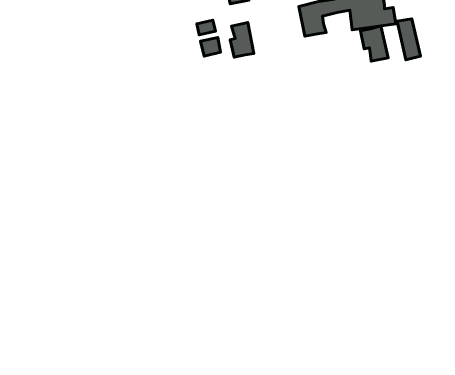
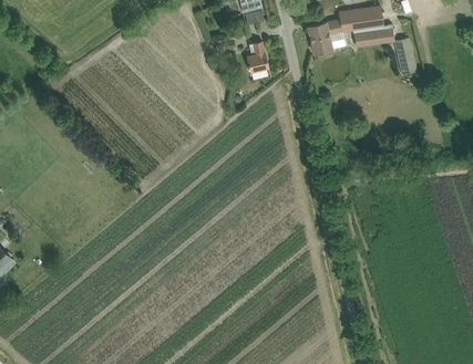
building: [360,26,388,61] -> none

